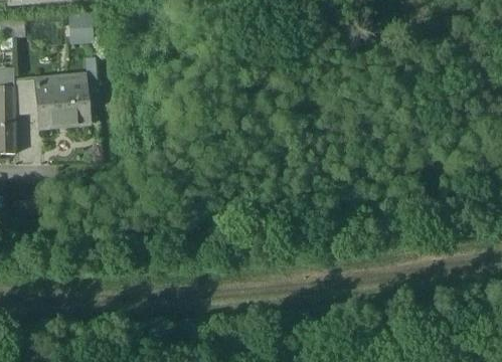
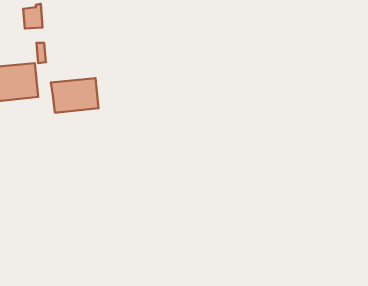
building: none -> [51,78,99,113]

